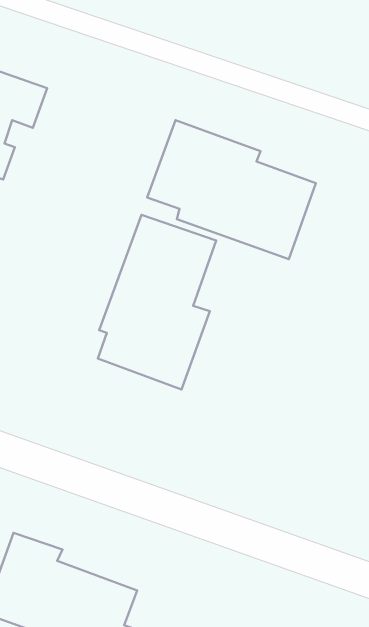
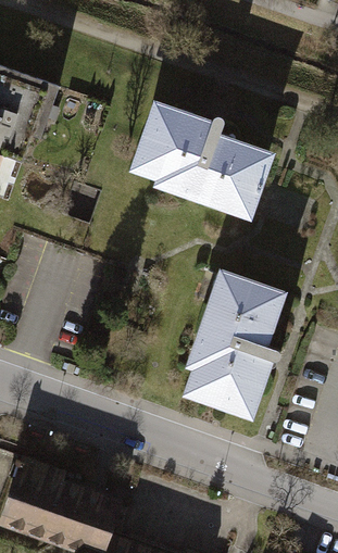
building: [98,215,216,389] -> [180,279,280,427]

